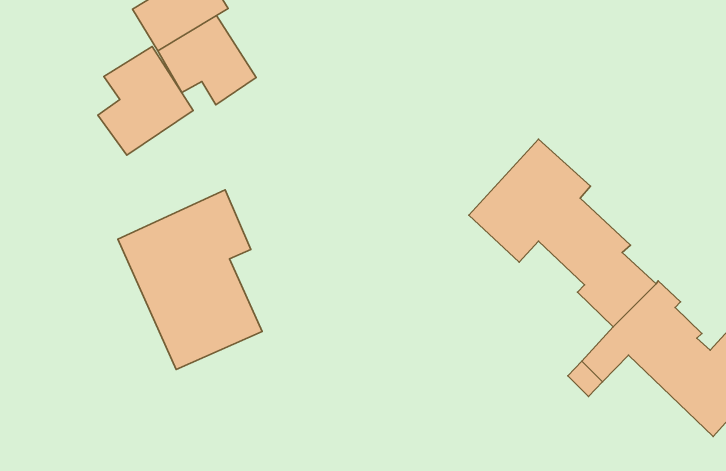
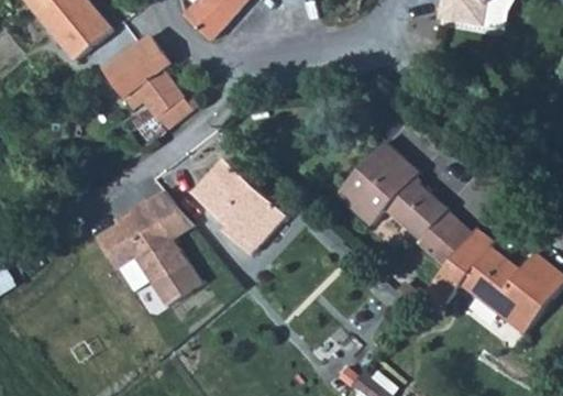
building: [98,47,193,155] -> none
building: none -> [198,158,287,250]

